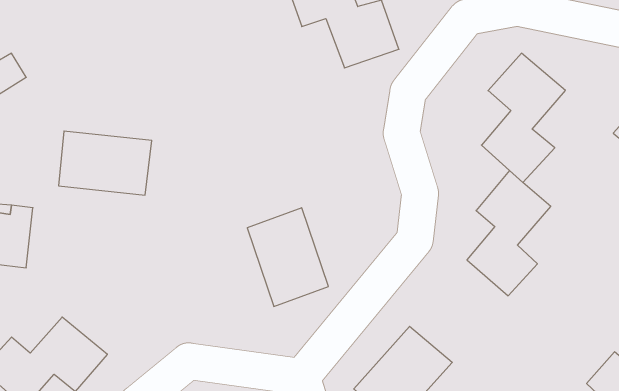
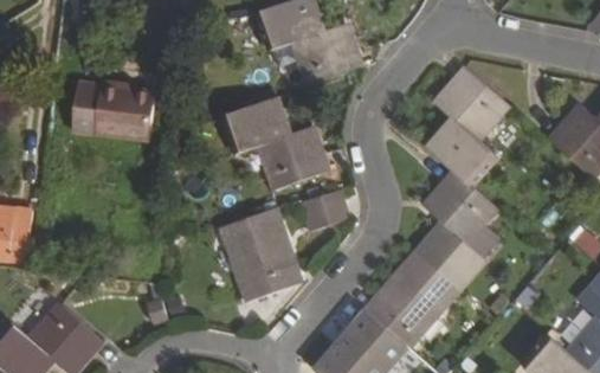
building: none -> [224,97,323,186]
building: [59,131,152,195] -> [72,81,155,137]
building: none -> [302,184,351,227]
building: none -> [367,255,454,346]

